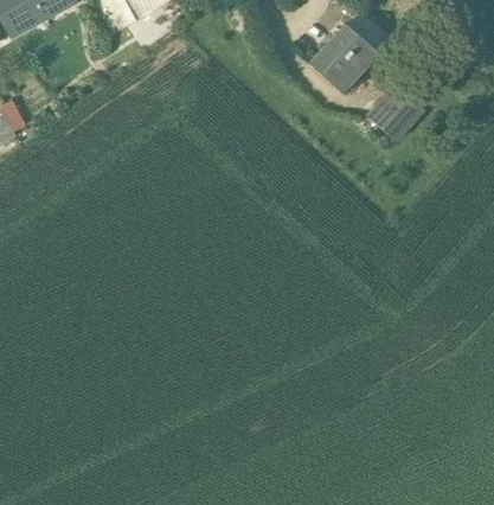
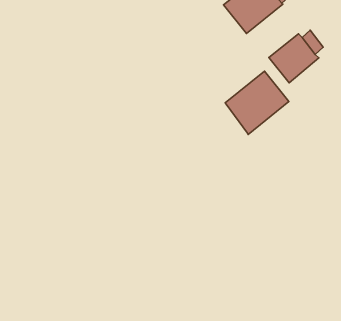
building: none -> [225,71,289,134]

